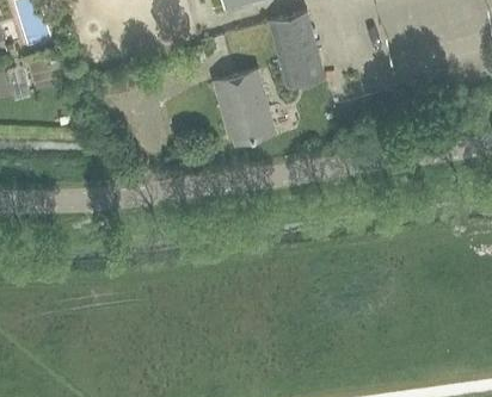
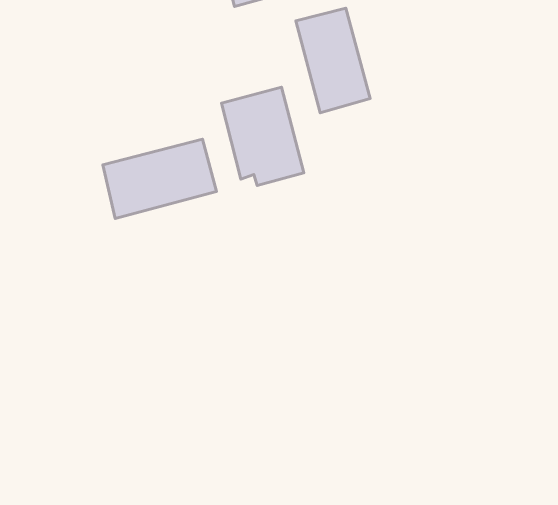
building: none -> [103,139,217,218]

